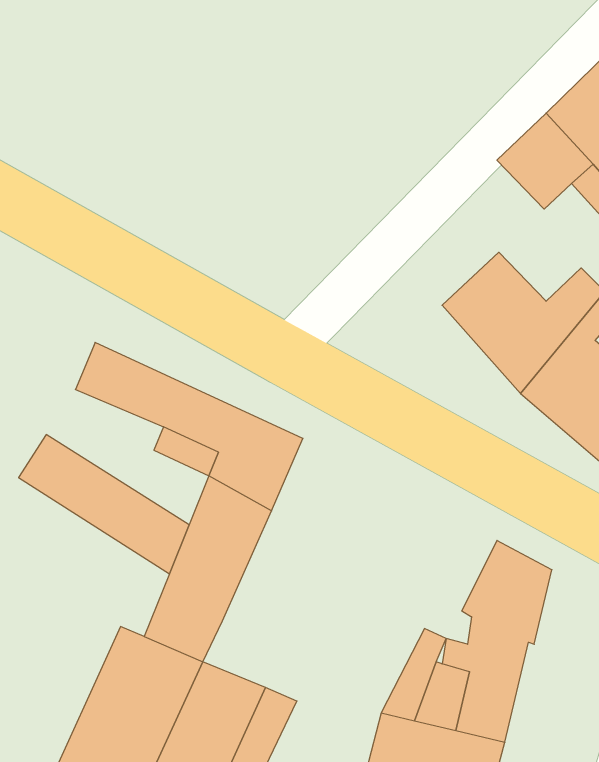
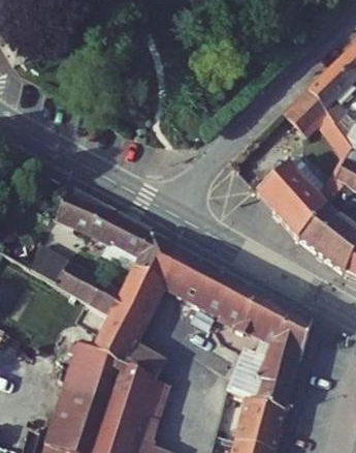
building: none -> [161,254,280,345]
building: none -> [125,351,168,386]

